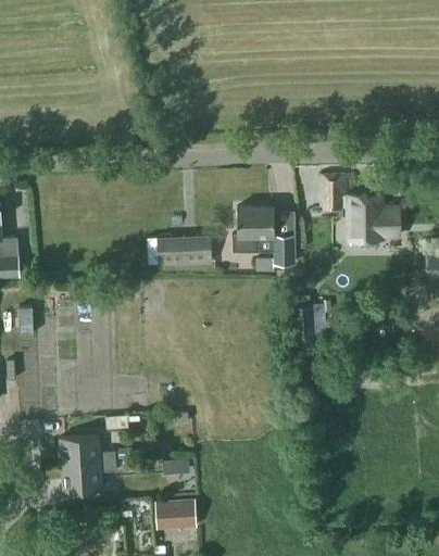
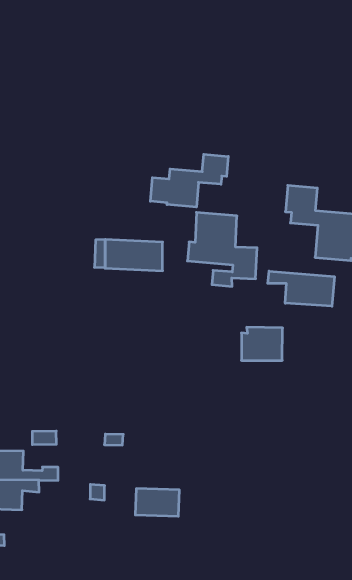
building: none -> [150,154,228,207]
building: none -> [268,271,334,306]
building: [156,502,197,528] -> [135,489,179,516]

